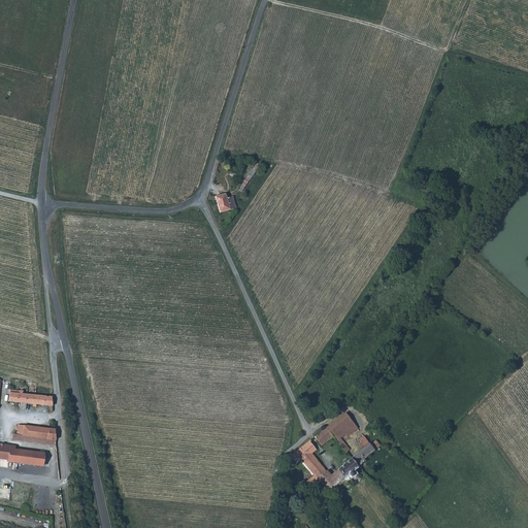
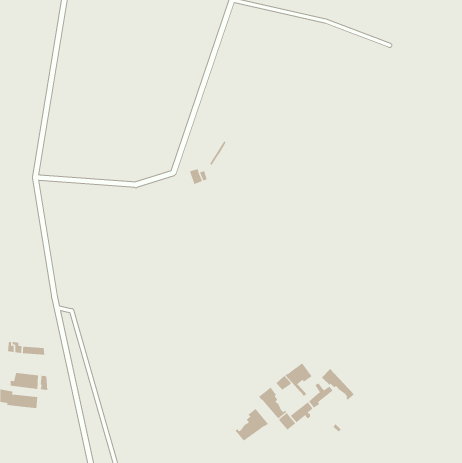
building: none -> [321,368,354,401]
building: none -> [235,408,269,442]

